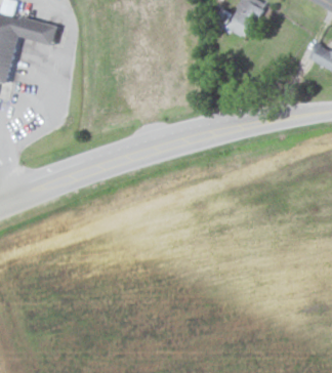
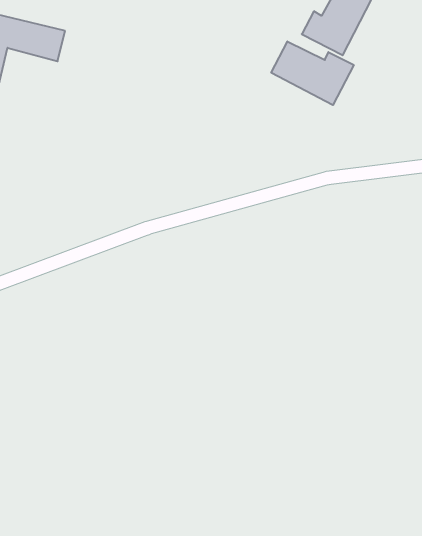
building: none -> [271,41,354,105]

